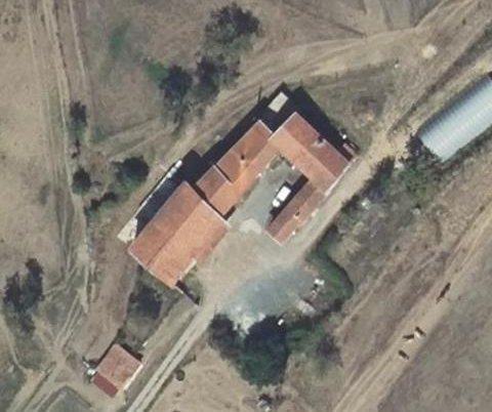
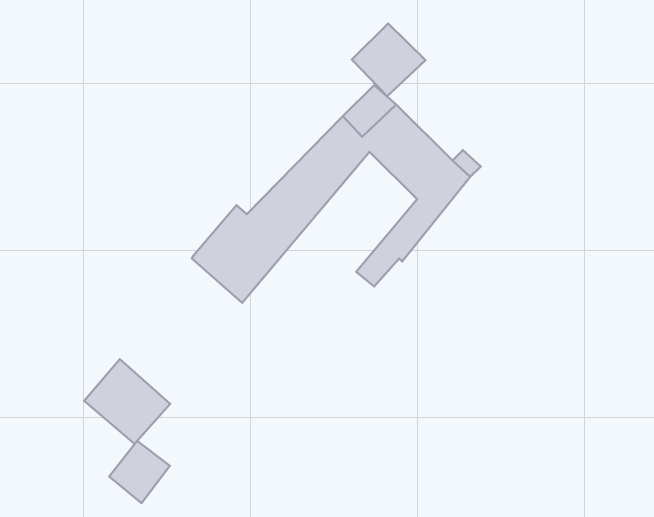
building: none -> [352,23,425,96]
building: [130,220,190,279] -> [84,359,170,444]

